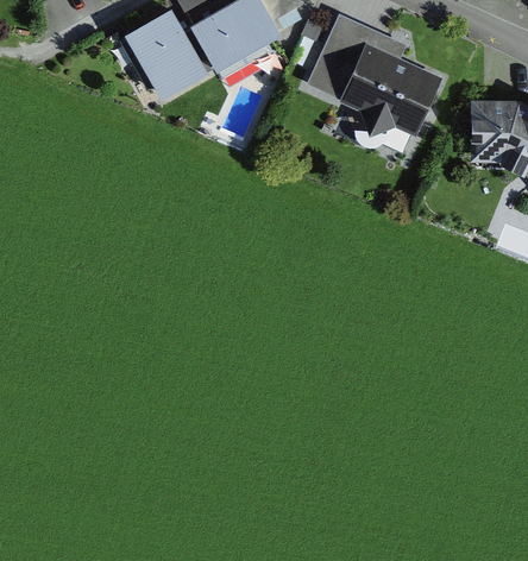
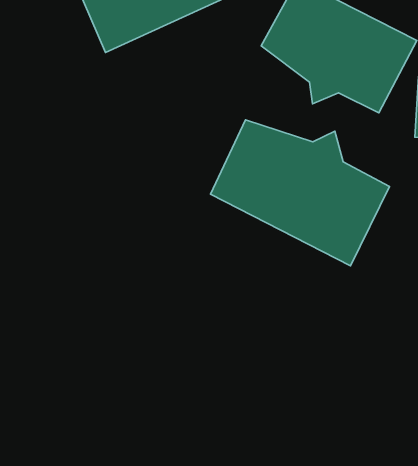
building: none -> [210,120,390,266]

